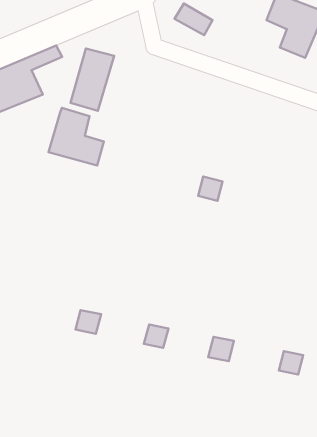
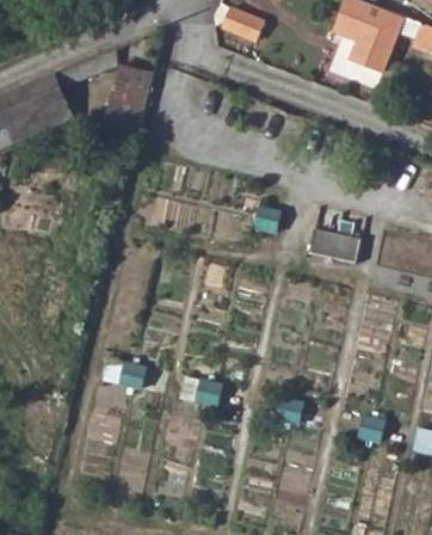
building: [48,108,104,165] -> none
building: none -> [301,230,352,265]

